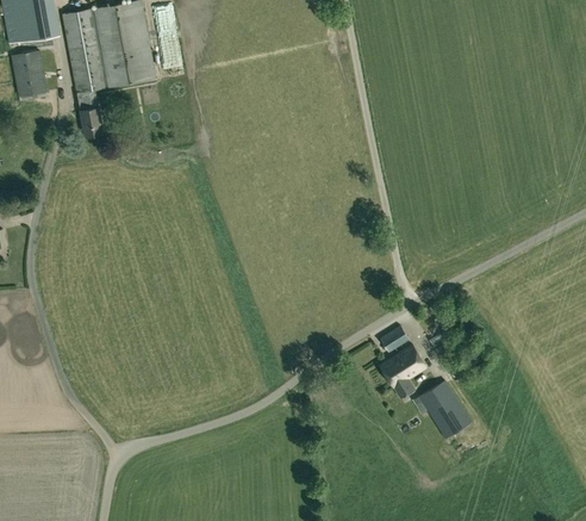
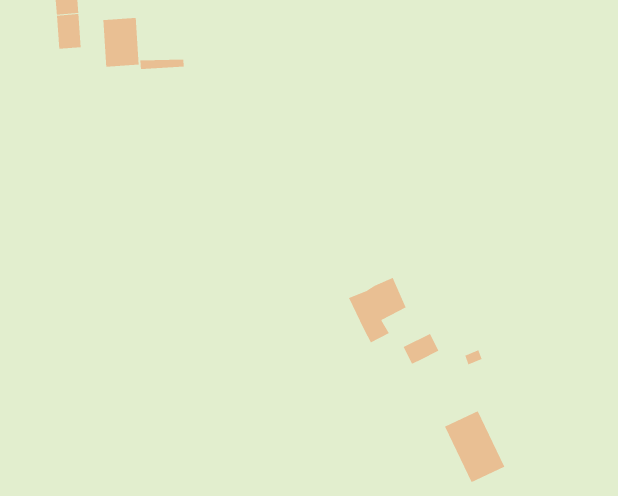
building: none -> [103,17,139,68]
building: [379,345,425,398] -> [348,277,407,343]

